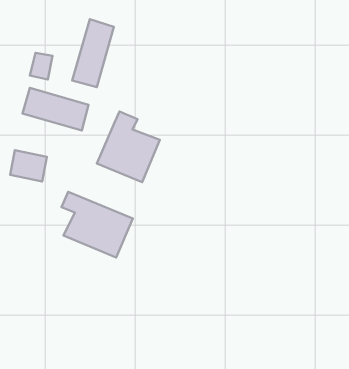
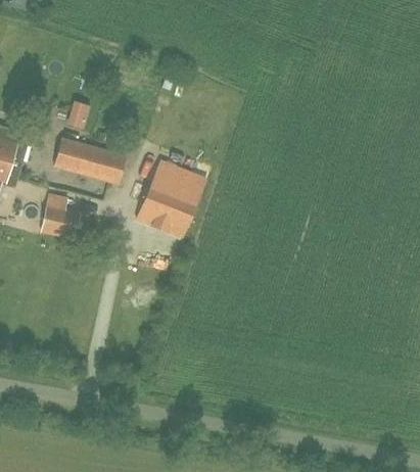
building: [72,19,114,87] -> none
building: [62,192,133,258] -> none

